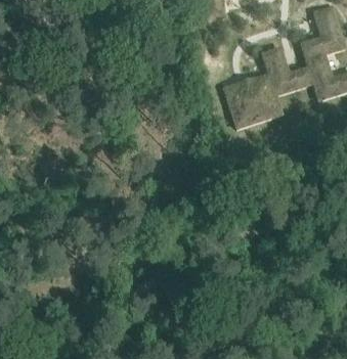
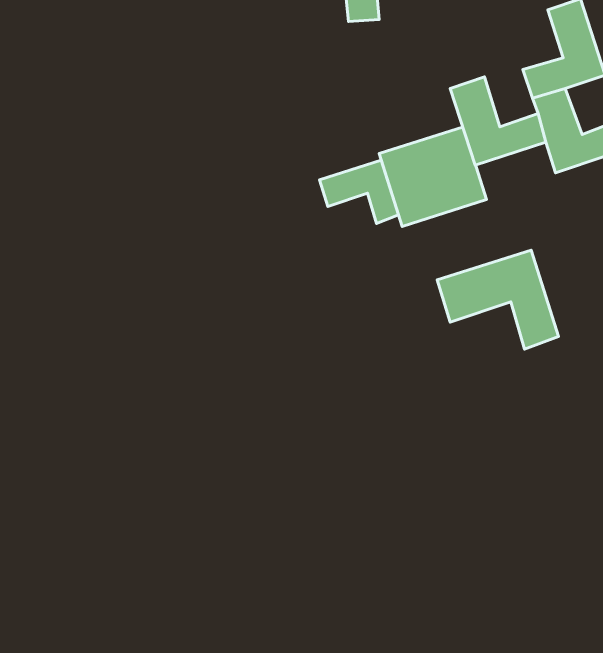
building: none -> [320,160,399,223]
building: none -> [437,250,559,349]

